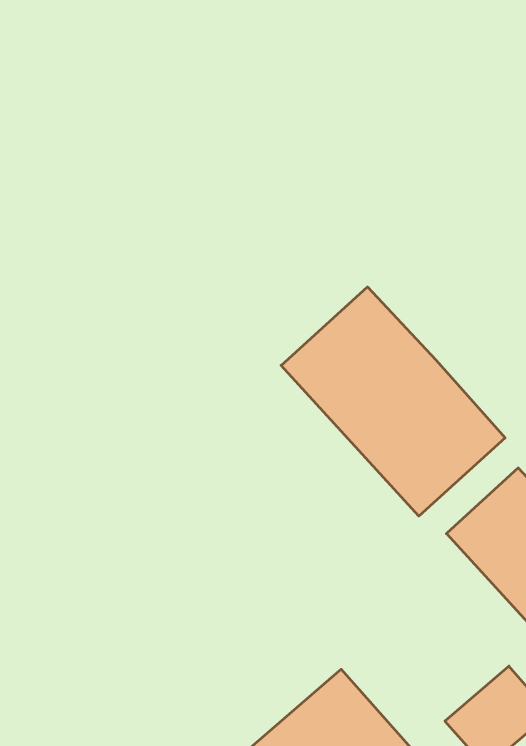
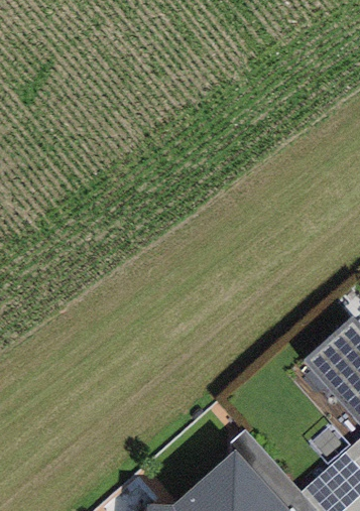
building: [281,287,505,516] -> none

